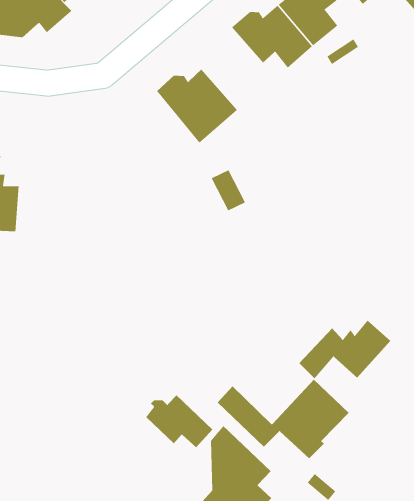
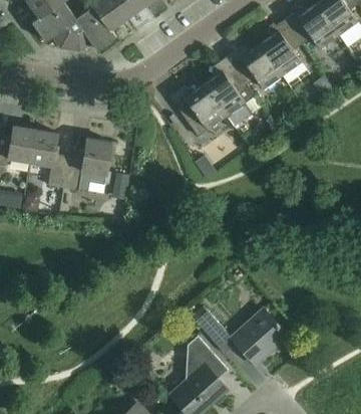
building: none -> [204,57,255,127]
building: none -> [64,138,112,192]
building: [298,320,391,379] -> none
building: [145,394,213,448] -> none

